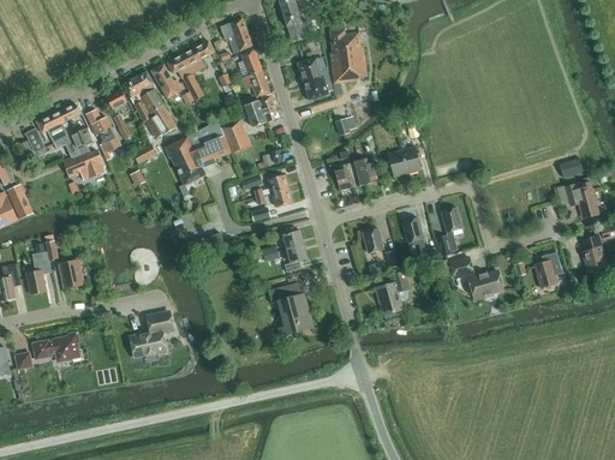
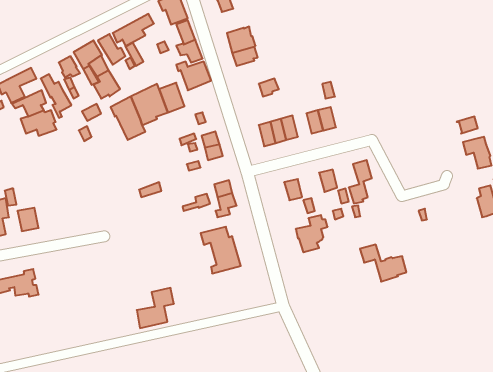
building: [328,30,366,94] -> none
building: [533,251,561,287] -> none
building: [449,257,502,299] -> [360,245,406,282]
building: [130,311,172,357] -> [137,288,174,328]

